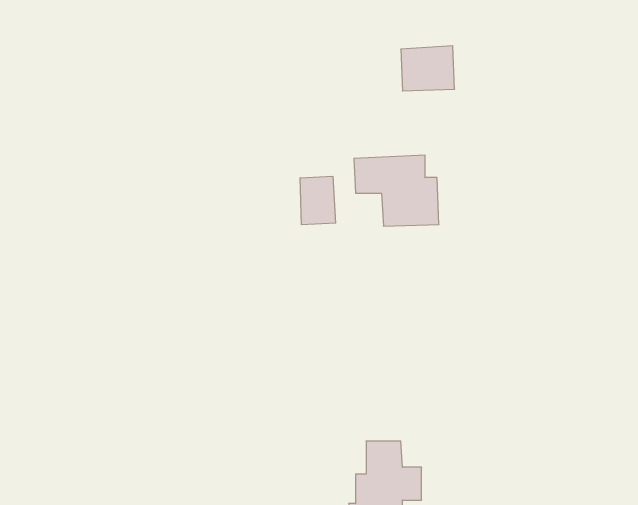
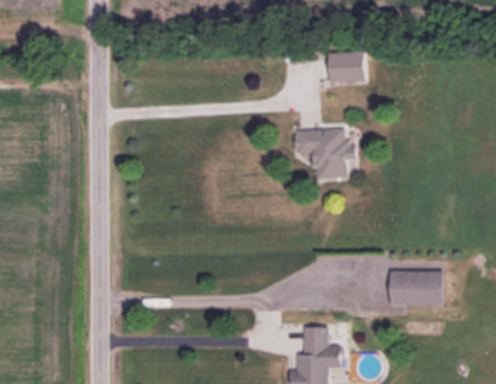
building: [300,176,336,225] -> none
building: none -> [389,271,441,306]

